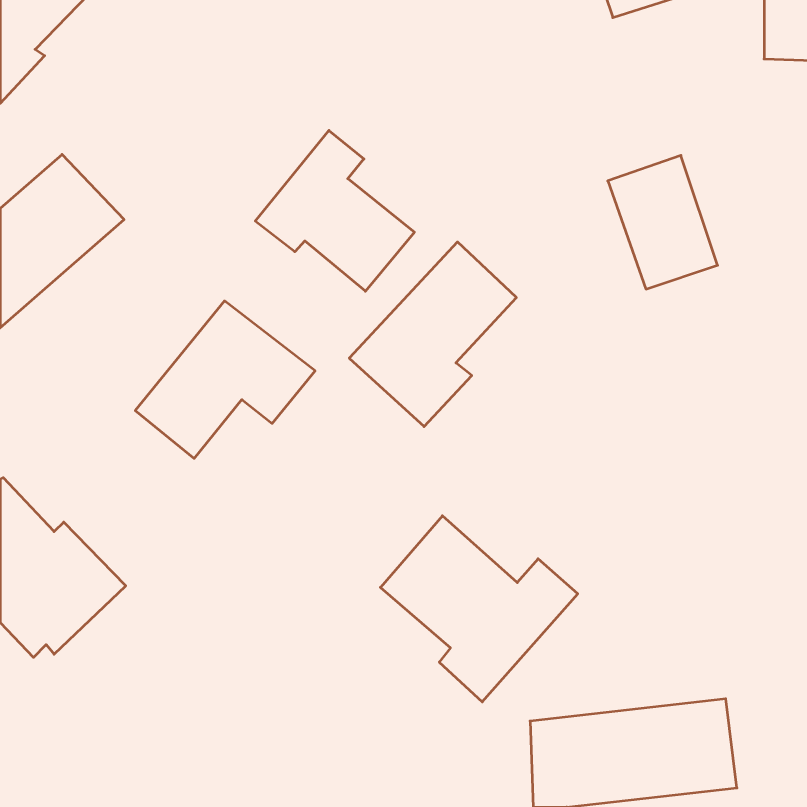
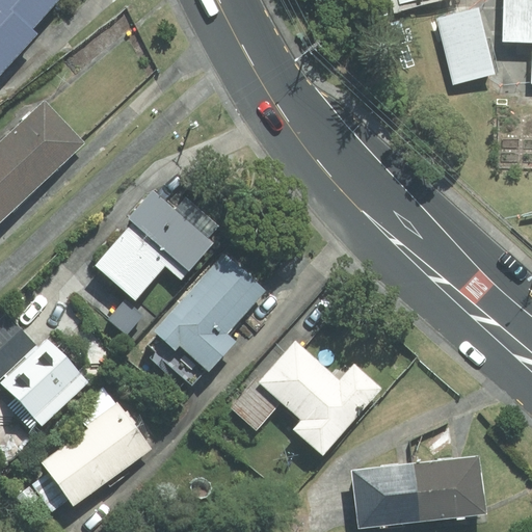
building: [255,130,414,291] -> none
building: [608,155,718,289] -> [429,4,501,91]
building: [349,242,516,427] -> [155,256,264,376]
building: none -> [38,403,153,508]

